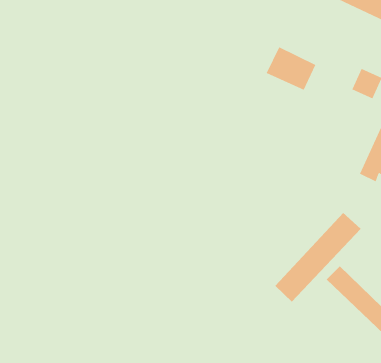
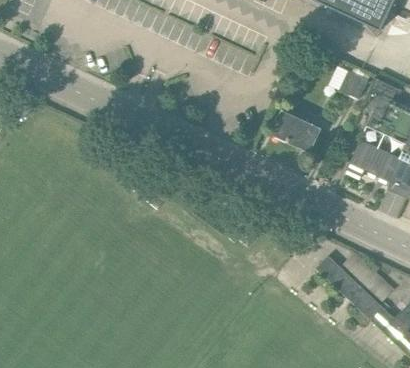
building: [266,47,316,90] -> [275,111,322,152]
building: [275,212,362,302] -> none

